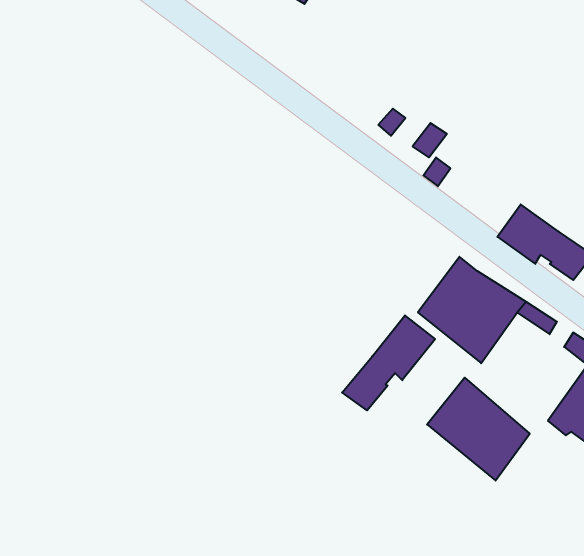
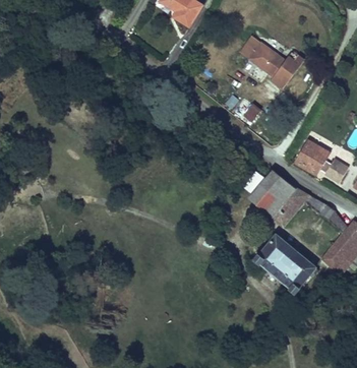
building: none -> [249,42,306,85]
building: [342,315,435,410] -> none

